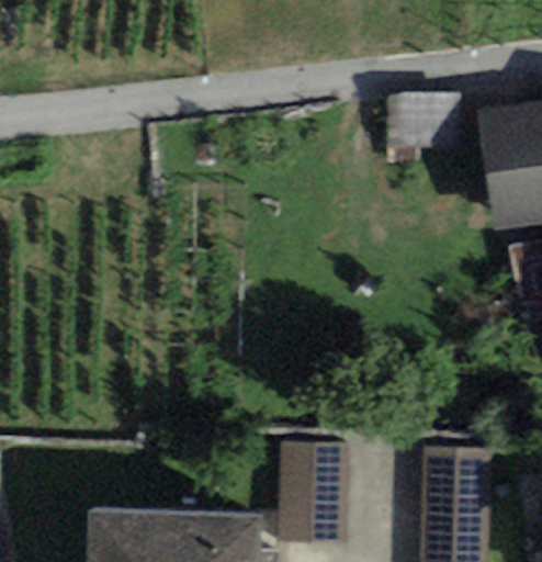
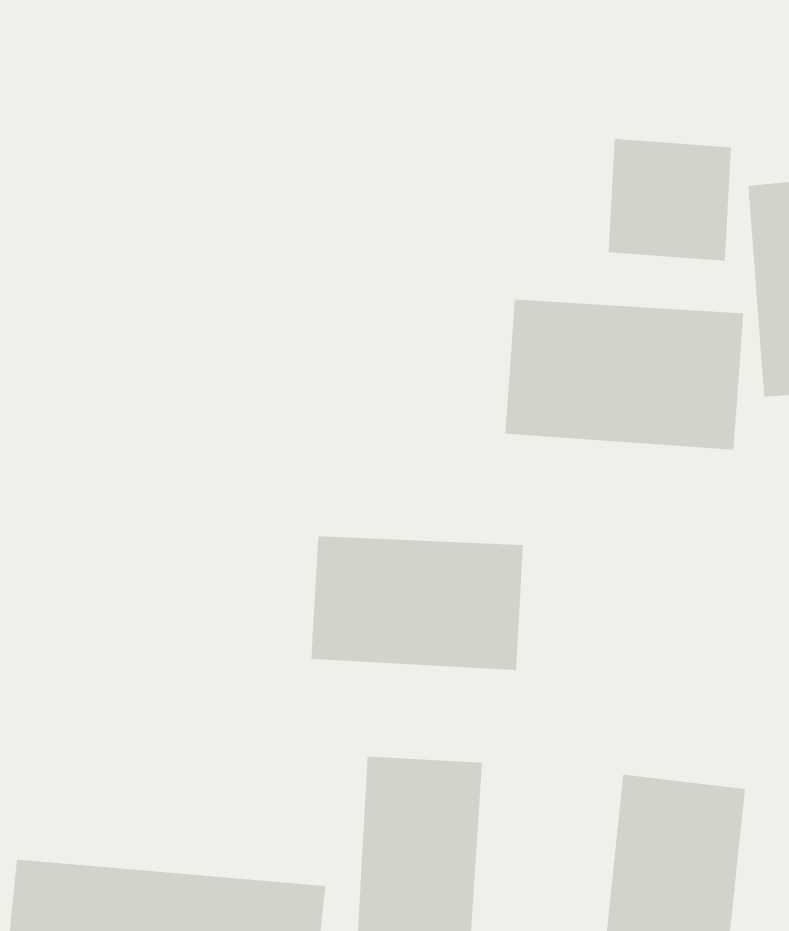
building: none -> [505,299,744,450]
building: none -> [311,535,524,671]

